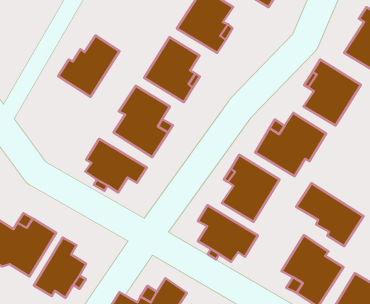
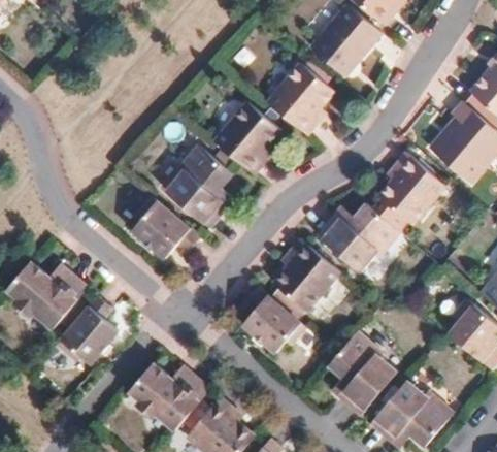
building: [58,35,120,97] -> none
building: [296,183,363,246] -> none

